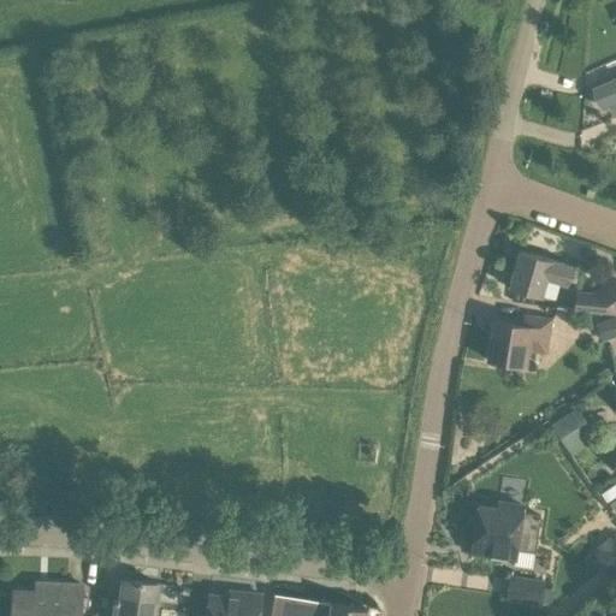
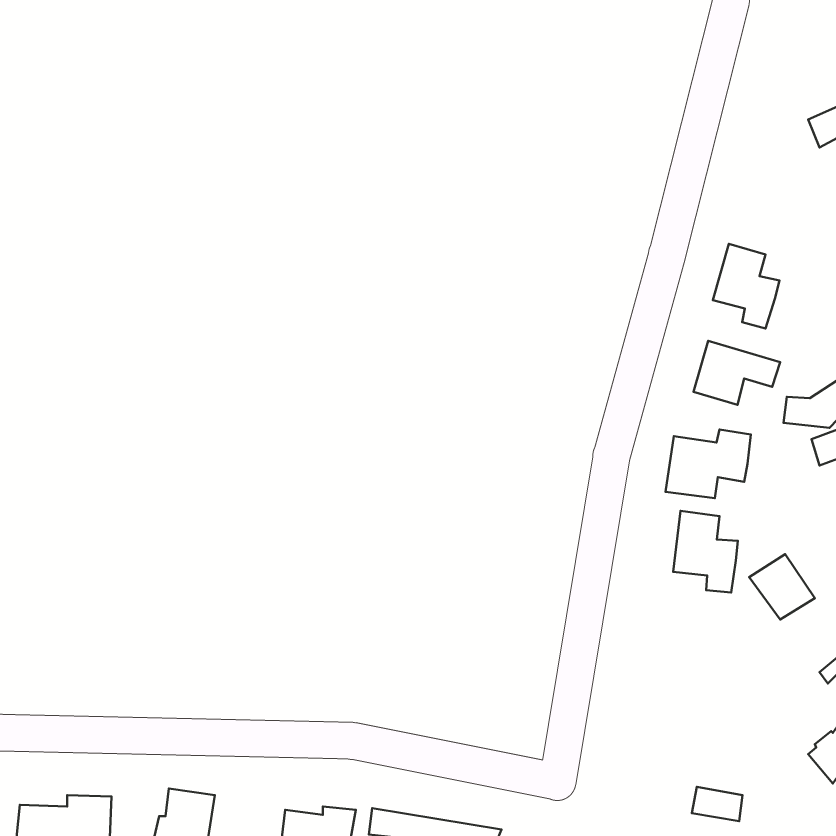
building: none -> [713,244,779,328]
building: none -> [673,511,738,593]
building: [473,504,541,559] -> none

